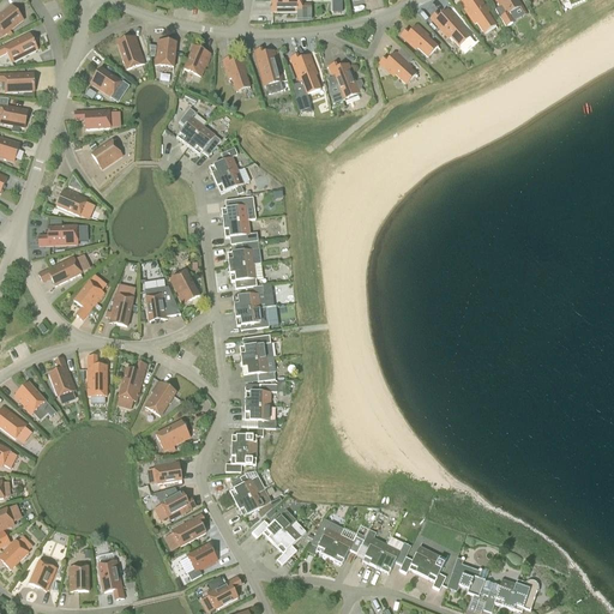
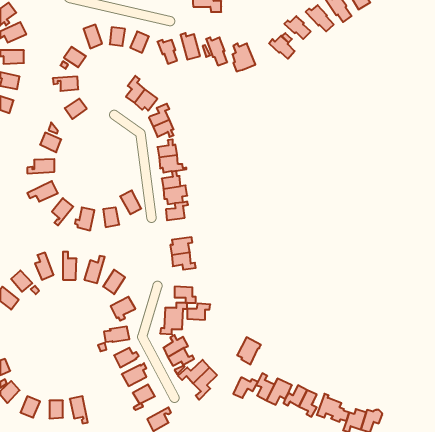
building: [235,306,270,330] -> none
building: [246,383,278,405] -> [187,304,210,320]
building: [309,517,343,555] -> [237,337,261,364]

